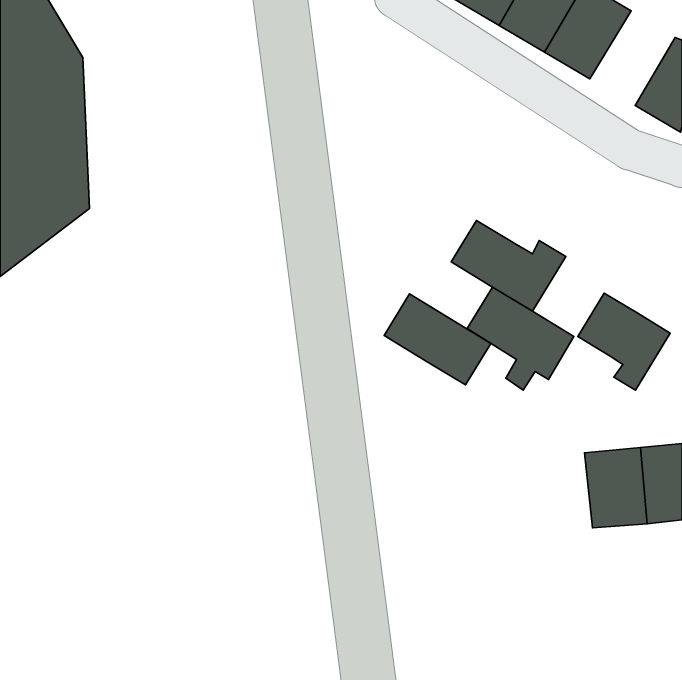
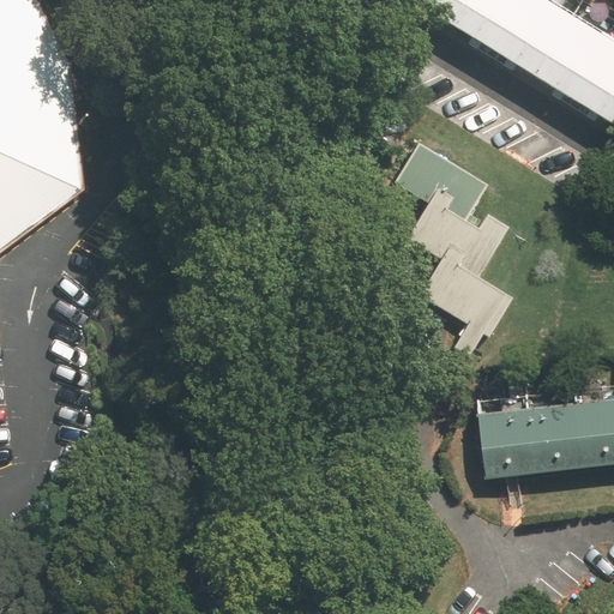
building: none -> [530,10,607,95]
building: [578,293,670,390] -> none
building: [384,294,491,385] -> [391,138,487,219]
building: none -> [476,407,532,478]

